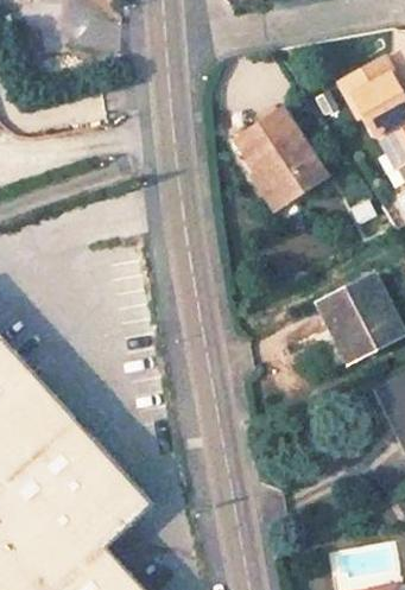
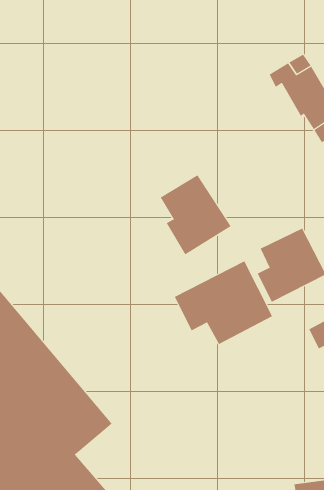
building: [243,119,329,215] -> [160,175,232,255]
building: none -> [174,261,273,345]

